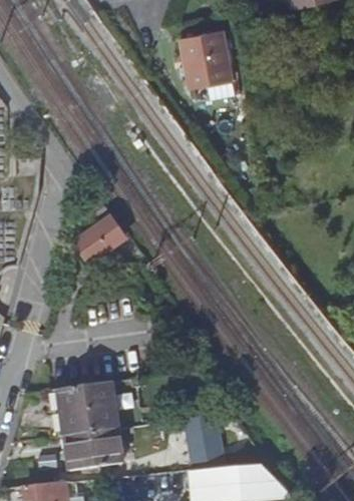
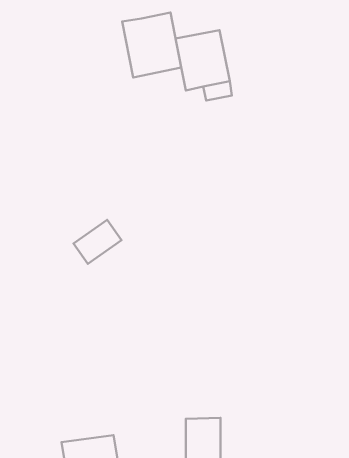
building: none -> [122,13,181,78]
building: [58,382,115,436] -> none

